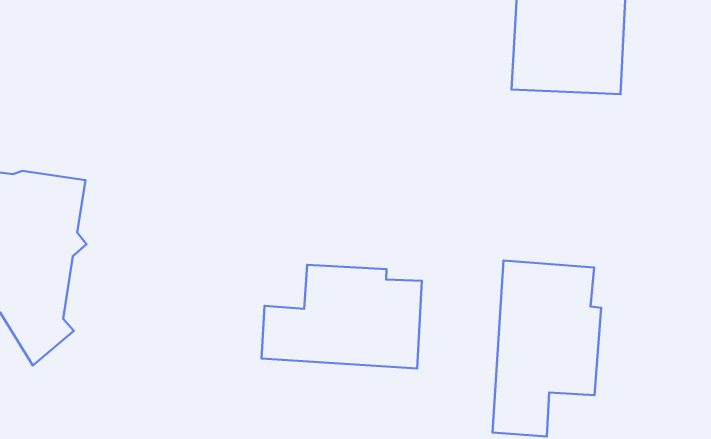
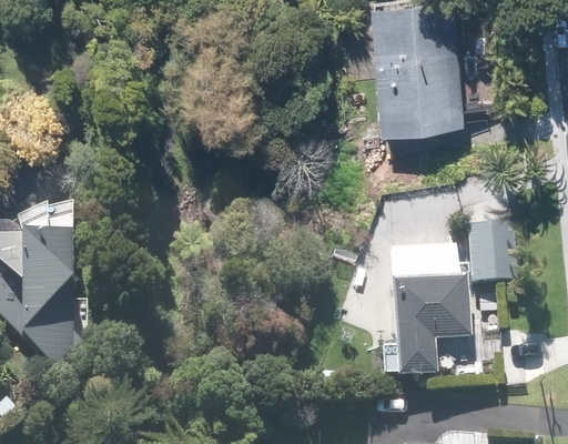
building: none -> [465,222,514,282]
building: [262,265,422,369] -> none

